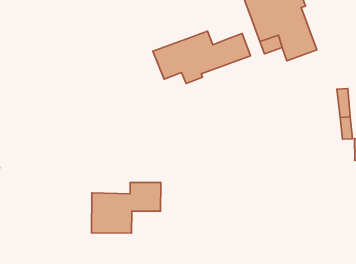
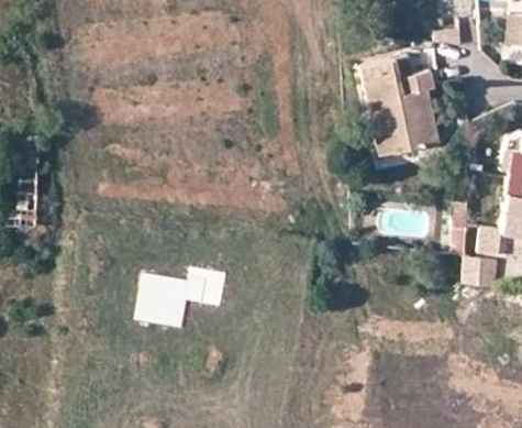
building: [153,31,251,83] -> none

